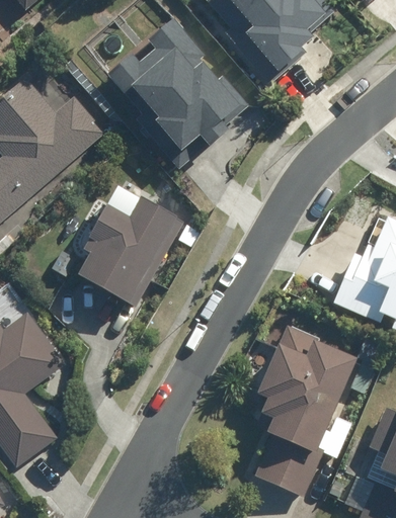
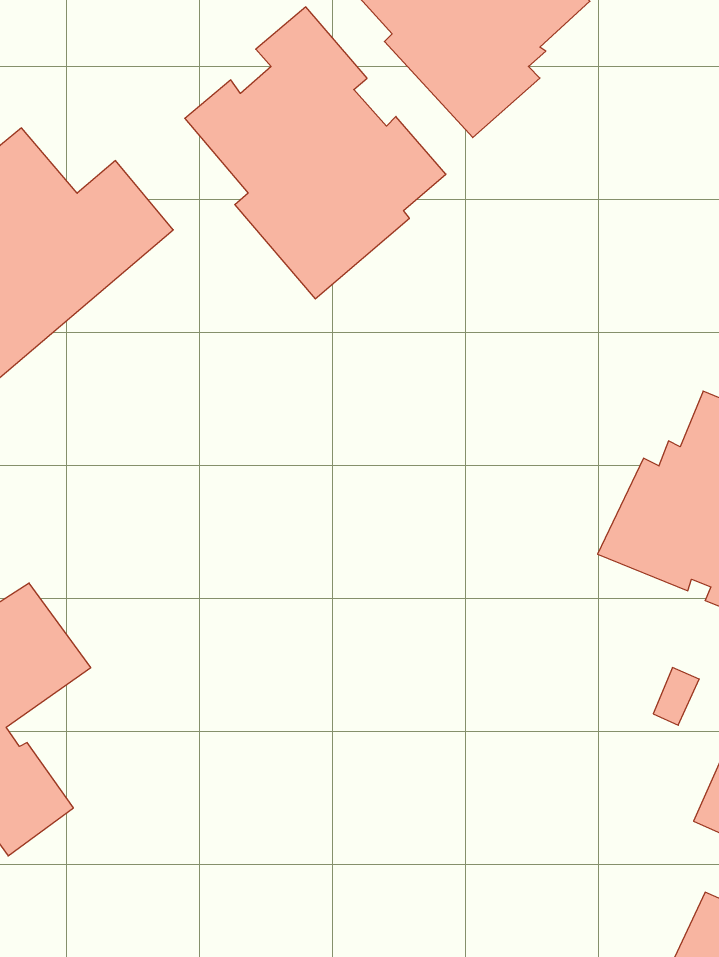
building: [90,188,187,301] -> none
building: [263,323,363,494] -> none

